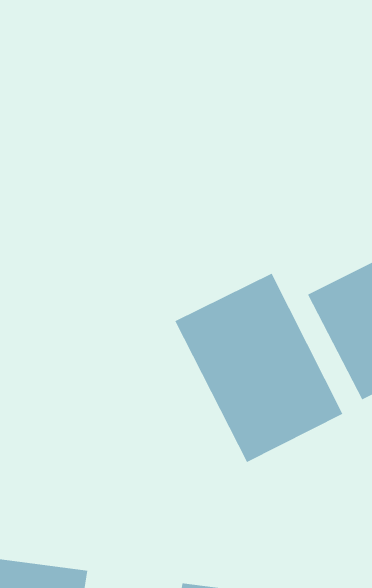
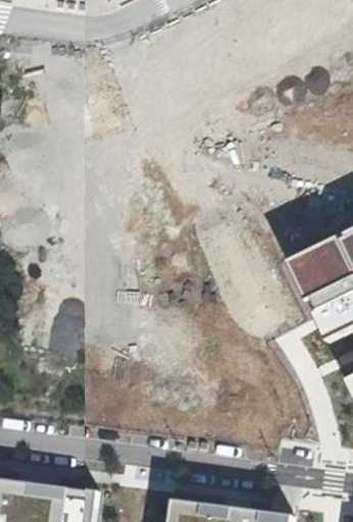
building: [174,273,343,463] -> none

